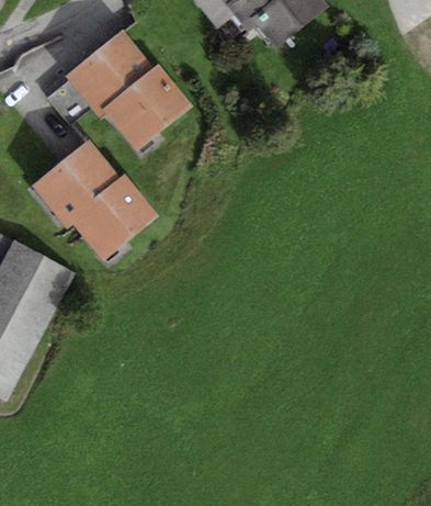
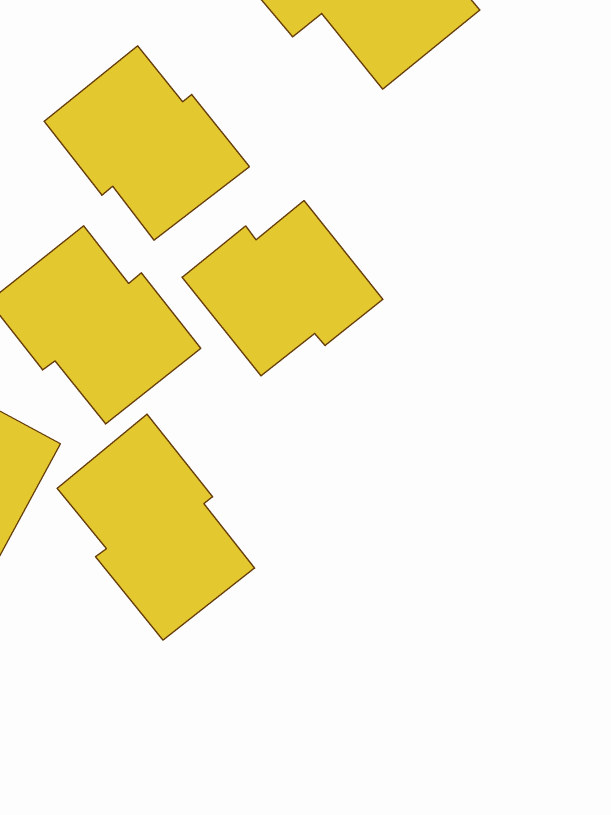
building: none -> [182,201,383,376]
building: none -> [57,414,255,640]

